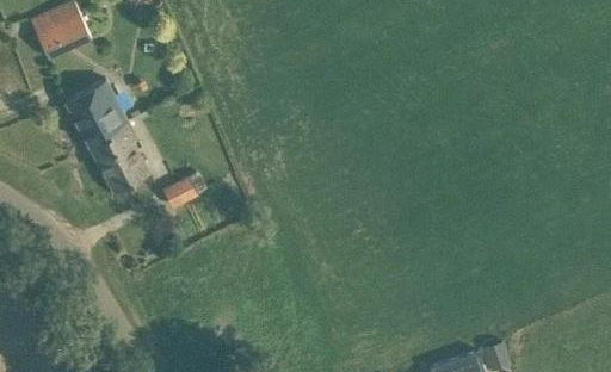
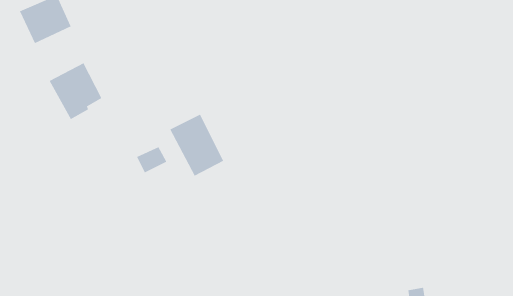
building: [88,120,148,191] -> none
building: none -> [170,114,224,176]

